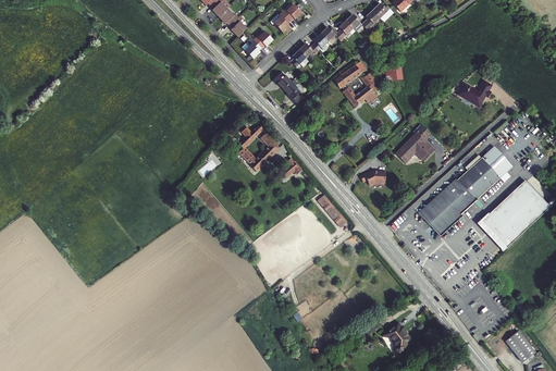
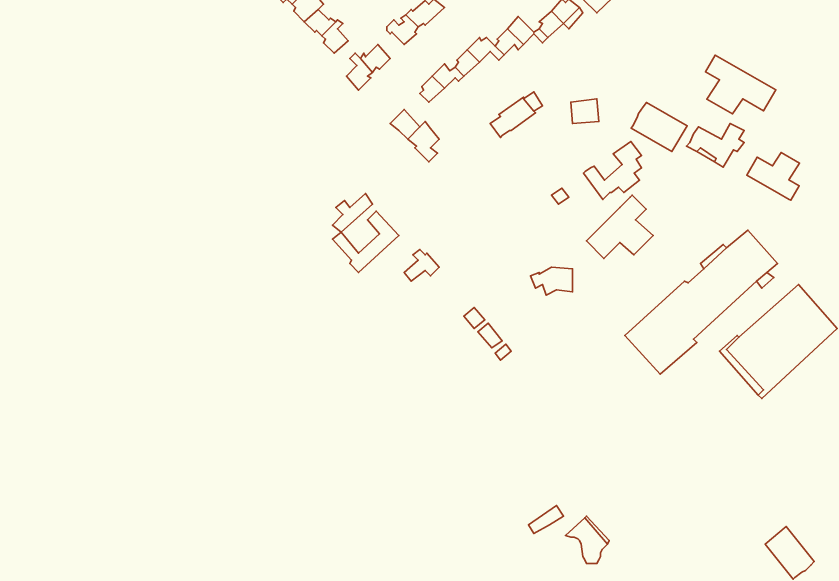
building: none -> [706,55,776,114]
building: none -> [631,102,687,151]
building: [343,71,379,107] -> [584,142,641,199]
building: none -> [747,153,800,200]

